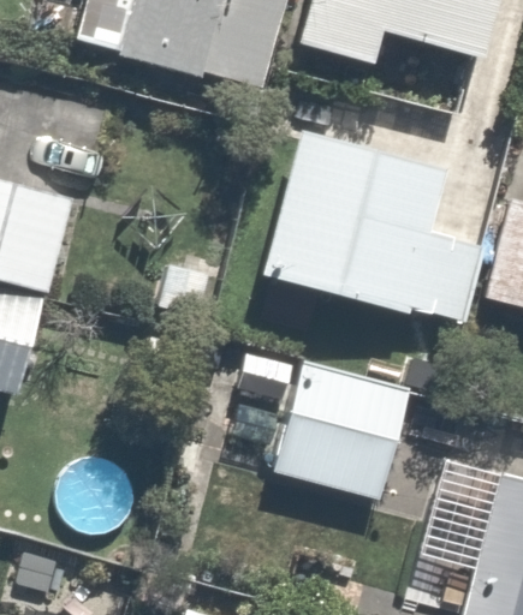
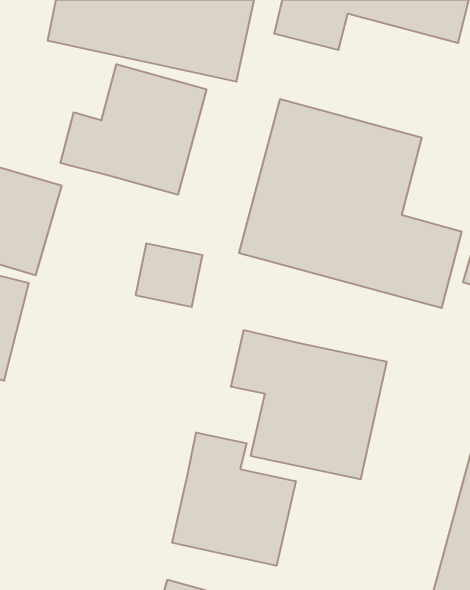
building: none -> [60,64,206,195]
building: none -> [172,432,296,566]

